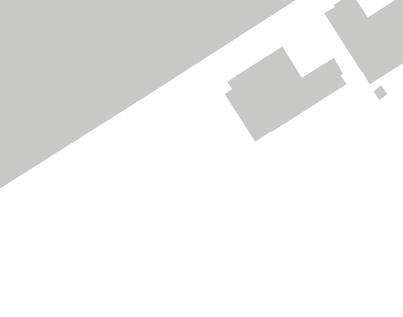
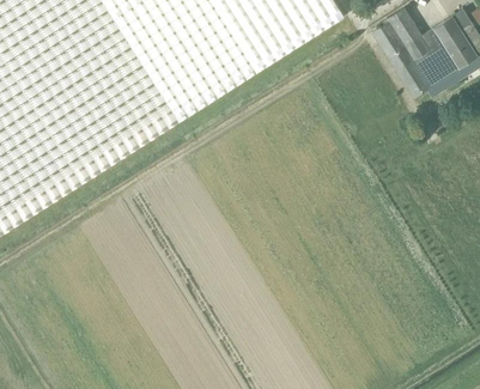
building: [224,46,347,143] -> none

